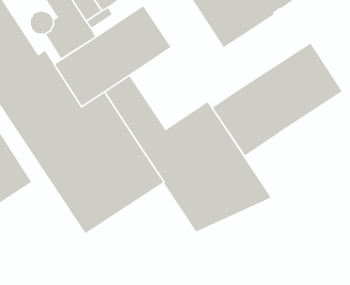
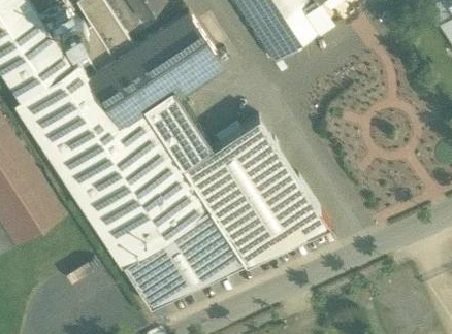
building: [212,42,343,156] -> none
building: none -> [123,209,246,308]

